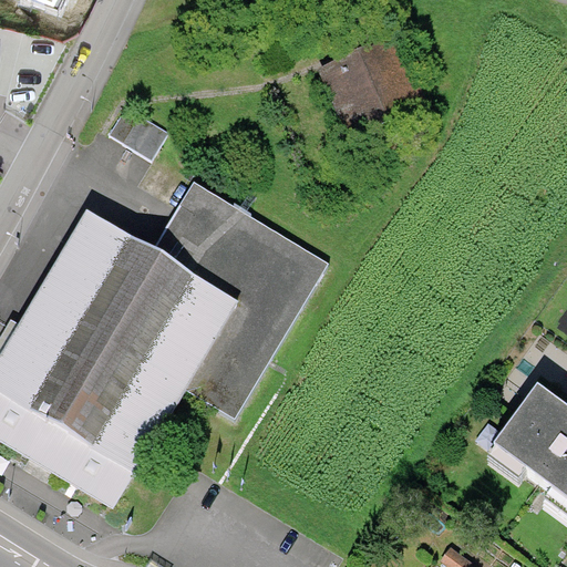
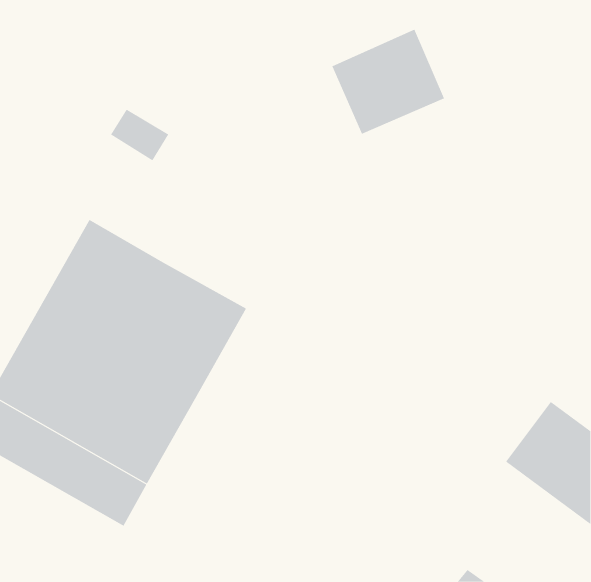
building: [156,184,327,411] -> none

